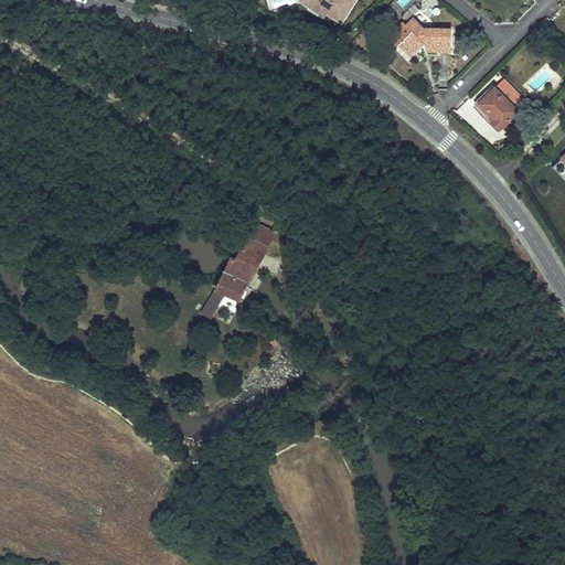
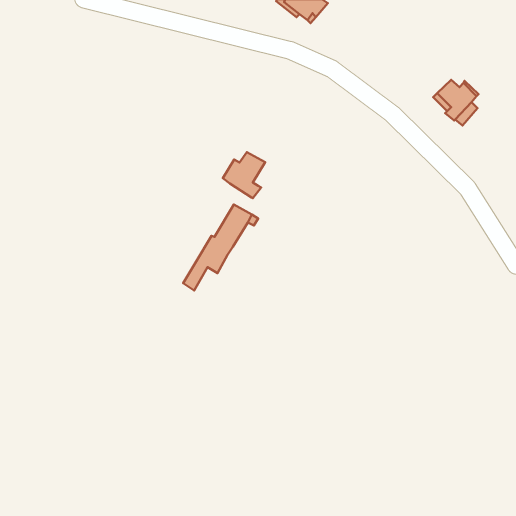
building: [396,14,450,55] -> none
building: none -> [223,152,265,198]

